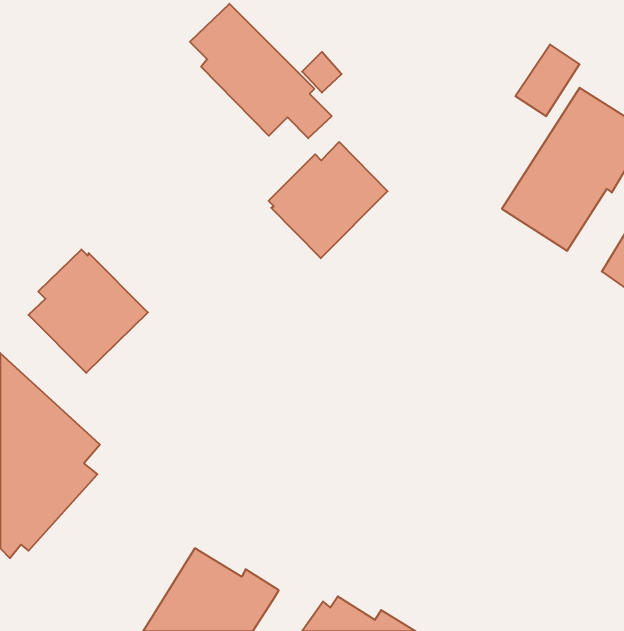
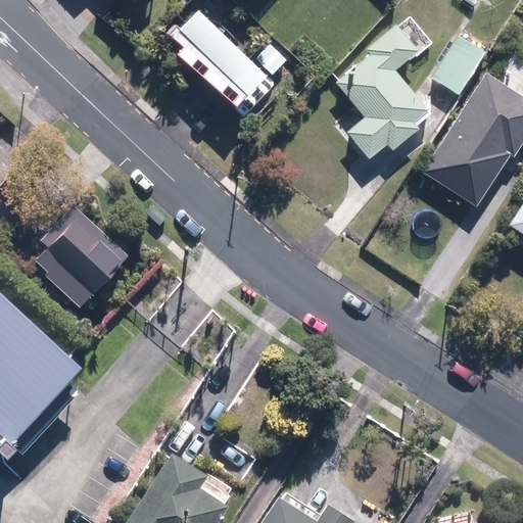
building: none -> [334,17,435,160]
building: [269,142,388,258] -> none

